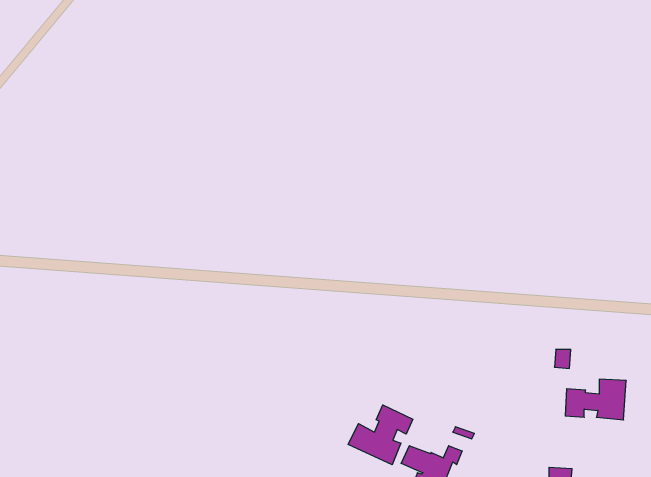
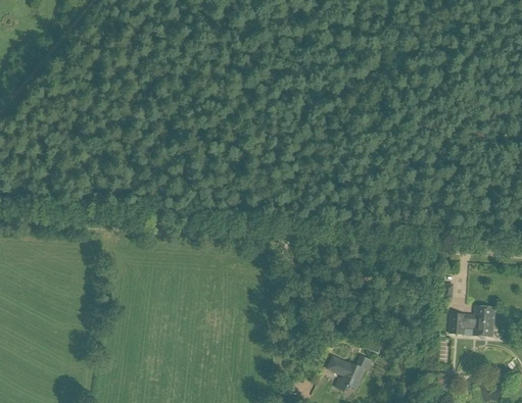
building: [348,405,413,465] -> none

